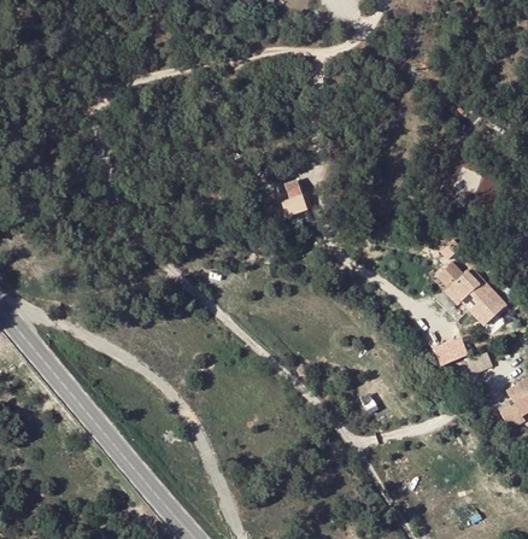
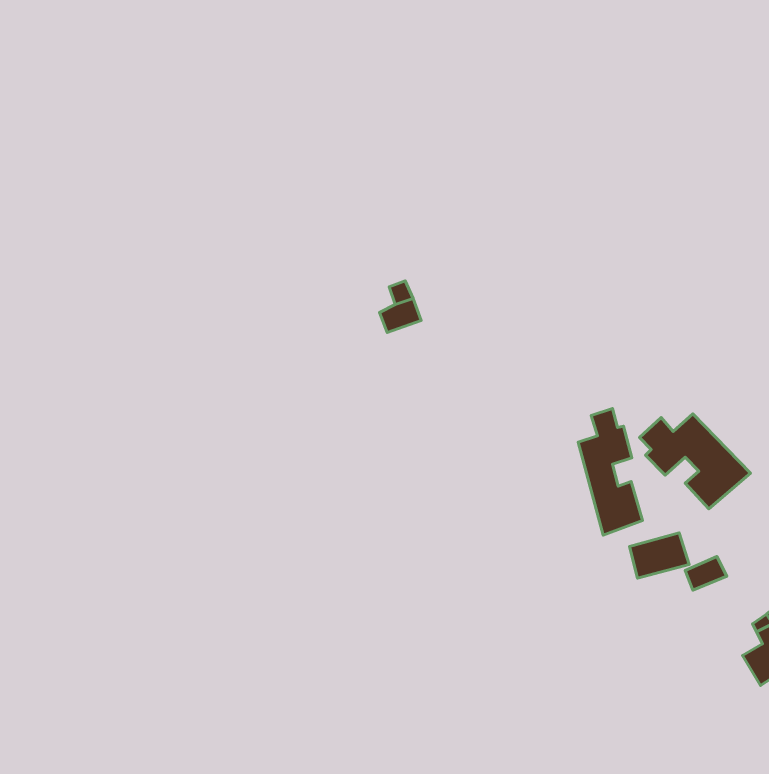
building: none -> [578,409,643,535]

